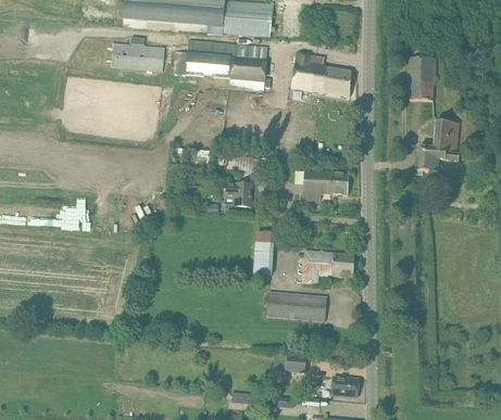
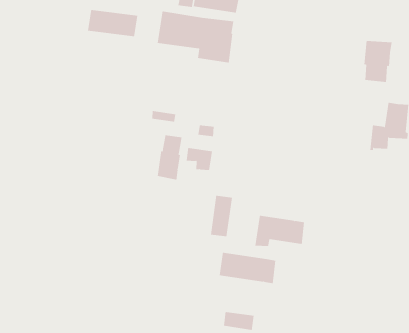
building: [292,51,351,94] -> none
building: none -> [157,134,182,181]
building: [302,169,349,201] -> none

